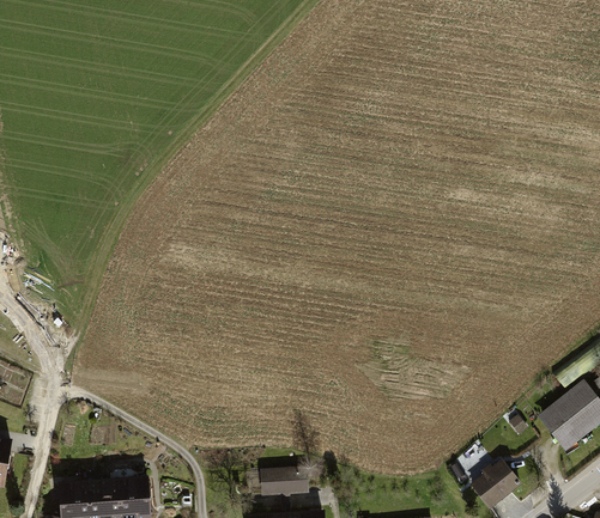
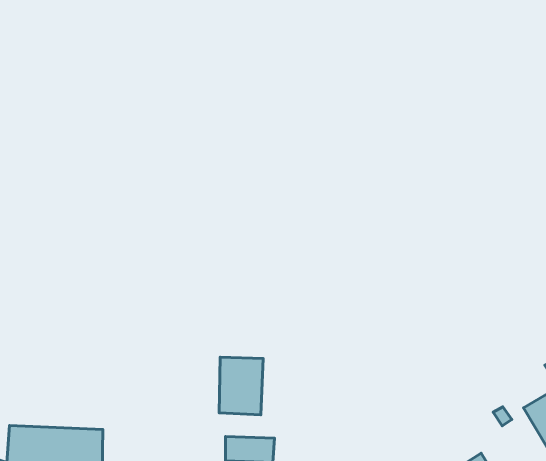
building: none -> [219,357,263,415]

